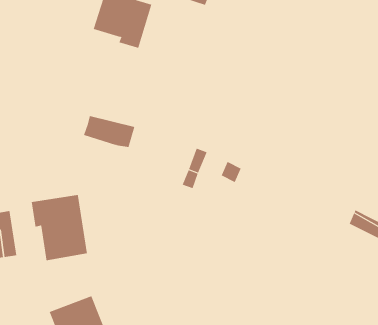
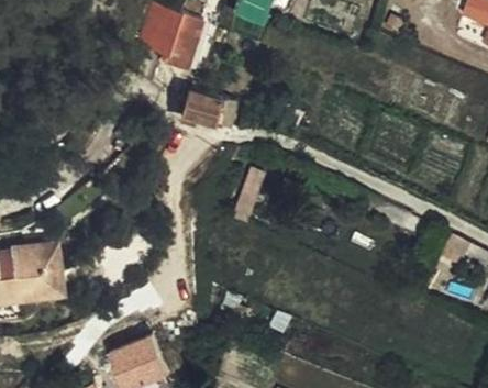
building: [83,116,135,147] -> [181,92,237,126]
building: [31,194,88,261] -> none

